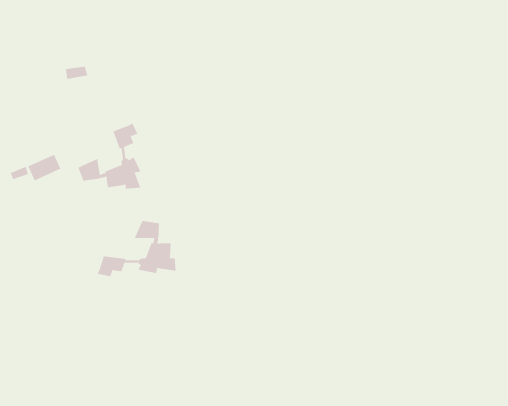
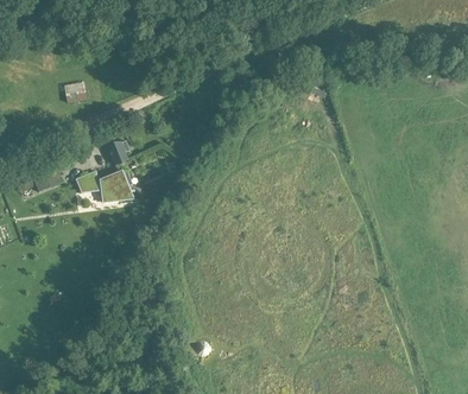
building: [97,220,176,277] -> none

